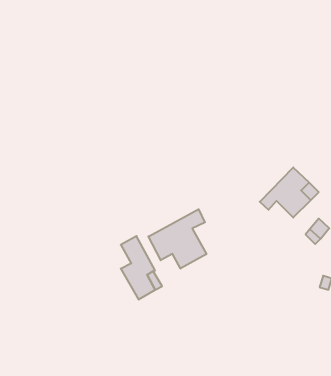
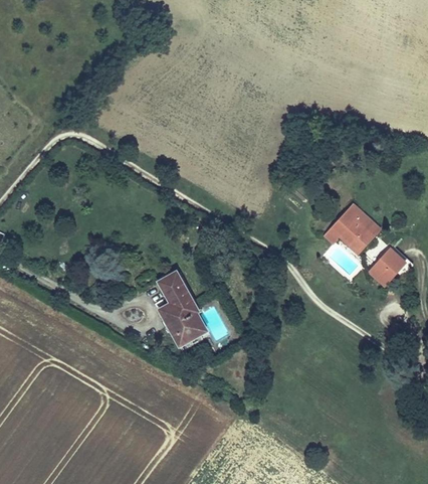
building: [148,209,206,269] -> none

